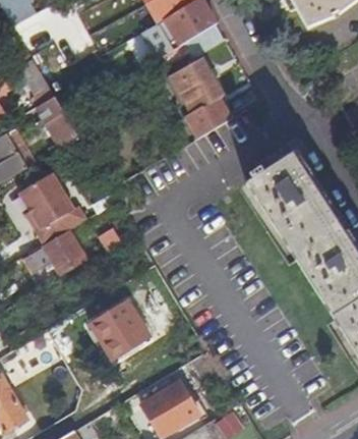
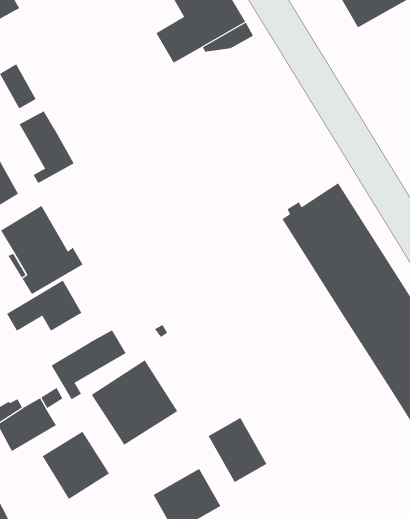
building: [169,52,230,138] -> none
building: none -> [51,329,127,400]
building: none -> [208,417,267,483]
building: none -> [42,431,110,500]

